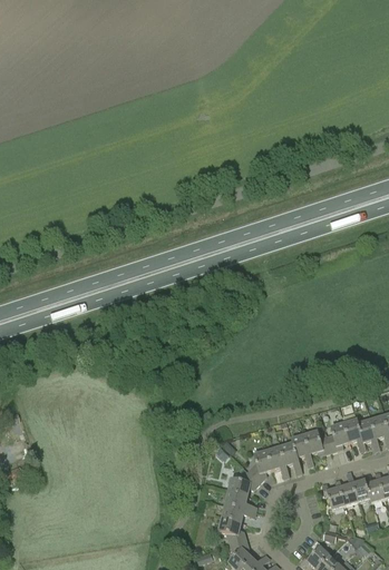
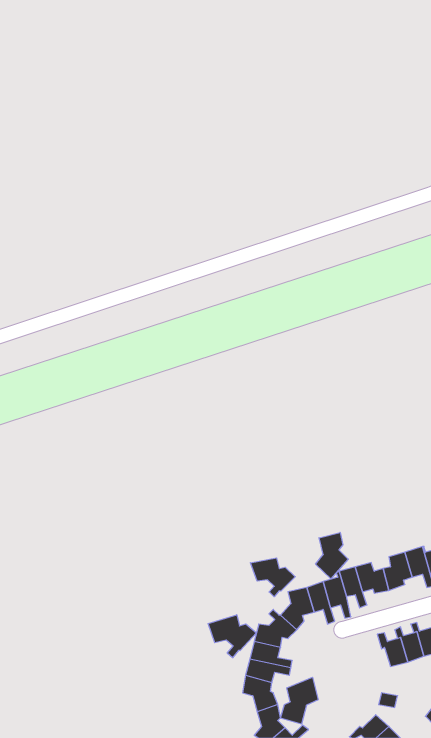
building: none -> [316,532,348,579]
building: none -> [250,558,295,597]
building: none -> [208,615,256,658]
building: none -> [280,677,318,724]

